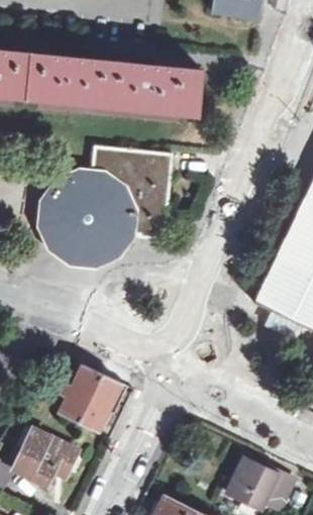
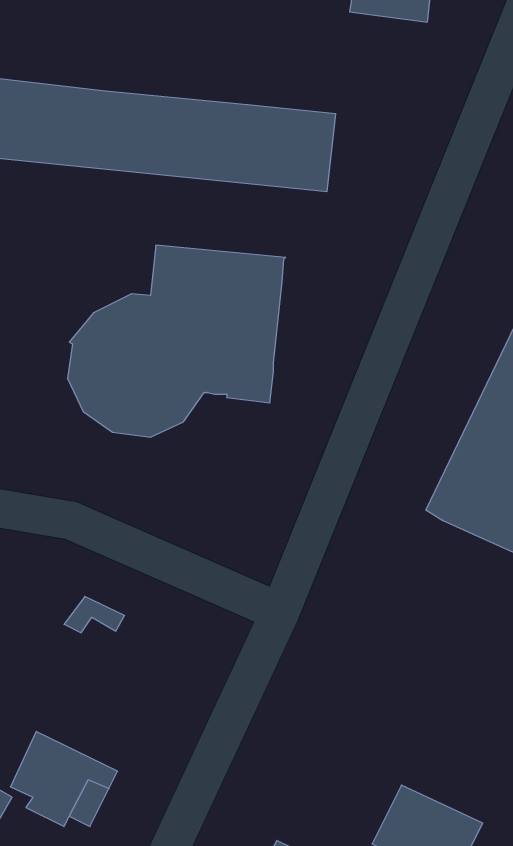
building: [58,365,127,434] -> none

